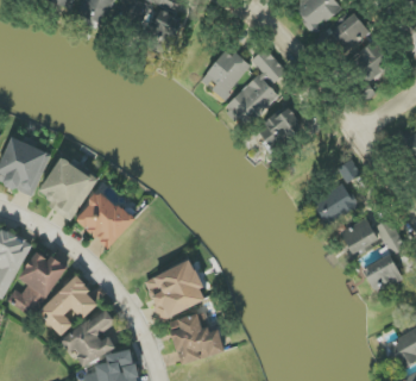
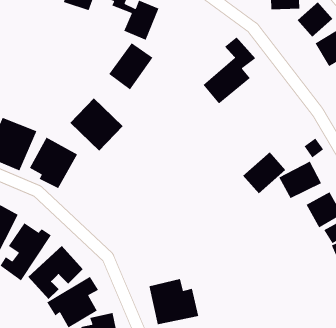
building: [201,48,250,100] -> [108,42,153,90]
building: [257,105,304,151] -> [242,151,286,194]
building: [75,190,133,249] -> [70,98,123,151]
building: [144,260,206,321] -> none

